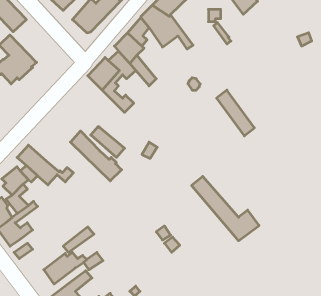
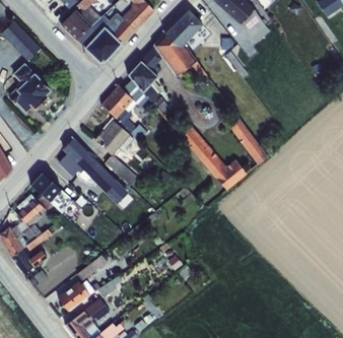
building: none -> [93,119,133,155]
building: none -> [58,137,95,176]
building: [192,176,259,241] -> [180,125,247,189]

